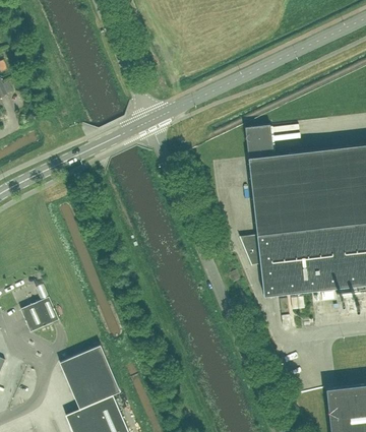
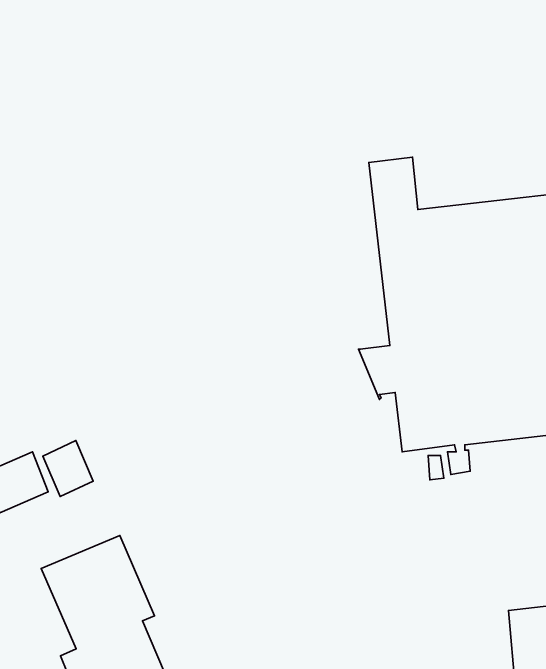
building: none -> [43,441,93,496]

